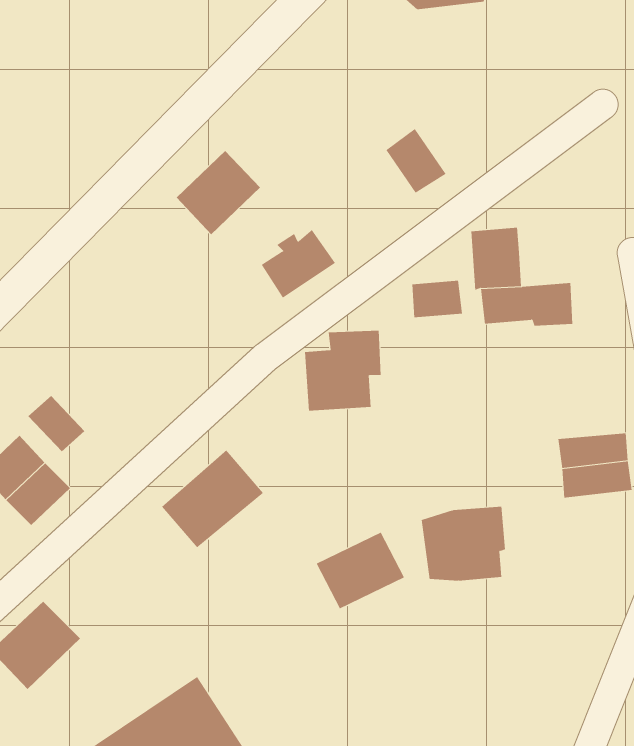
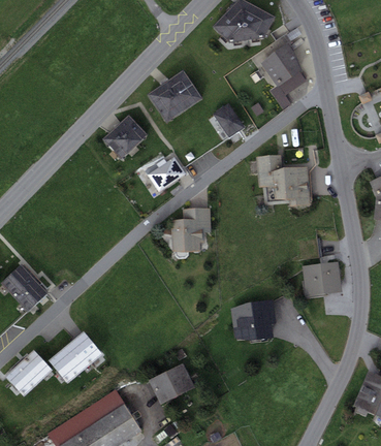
building: none -> [260,44,305,95]
building: none -> [147,70,201,122]
building: [411,280,463,318] -> [282,166,309,186]
building: [28,395,85,452] -> none
building: [161,449,264,548] -> [49,331,102,383]
building: [316,532,405,609] -> [148,363,194,404]

